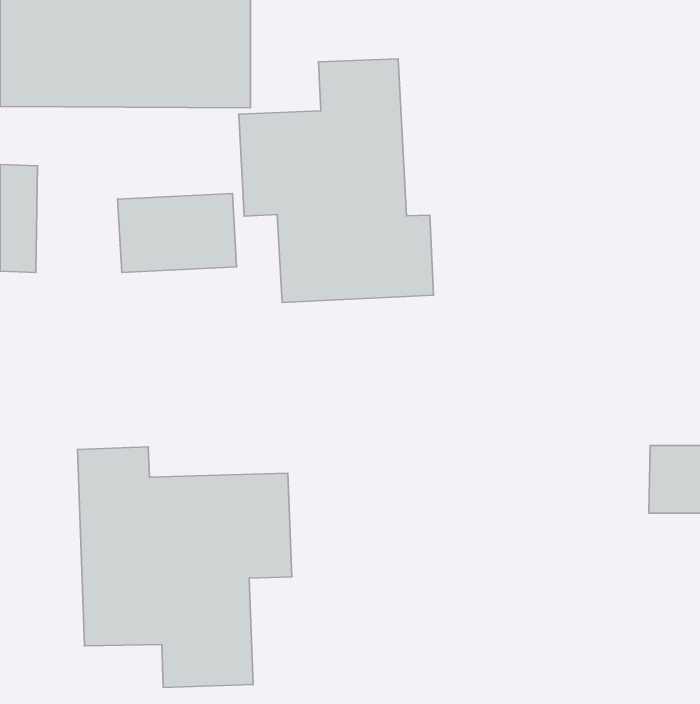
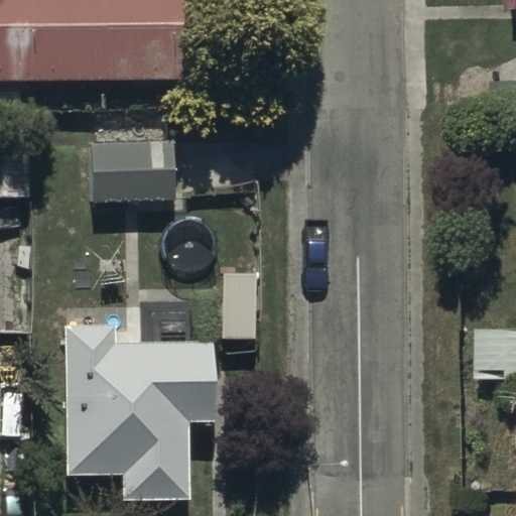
building: [239,59,433,302] -> none

